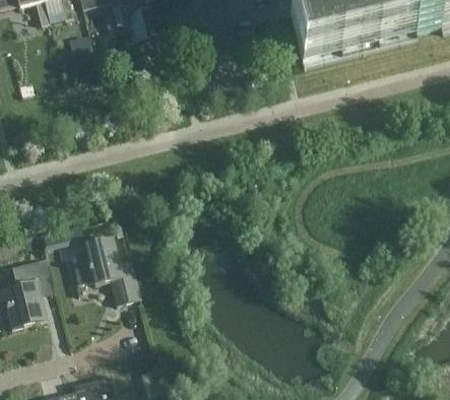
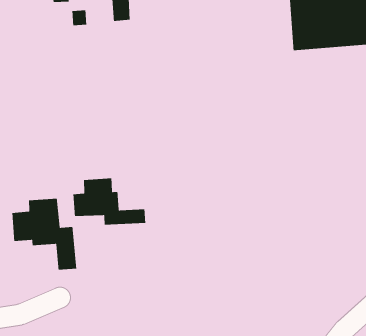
building: none -> [73,177,146,226]

